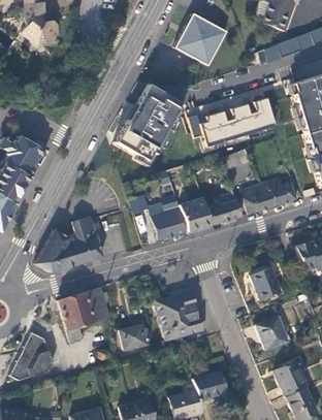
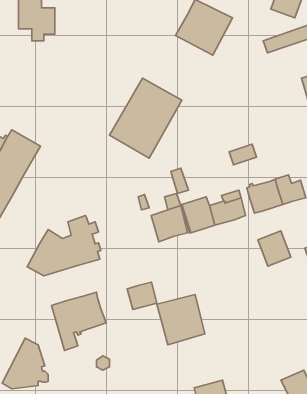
building: [191,93,276,154] -> none
building: [251,266,282,299] -> [258,231,291,266]
building: [257,315,292,349] -> none
building: [120,324,148,350] -> [127,282,157,310]

